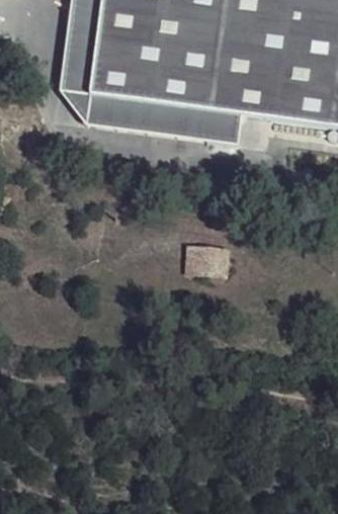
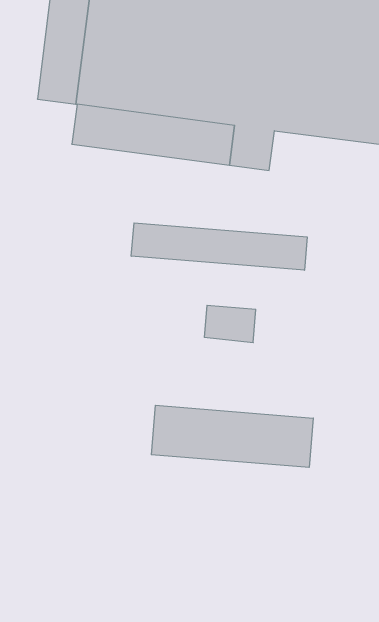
building: none -> [131,223,307,270]
building: none -> [151,405,313,467]

